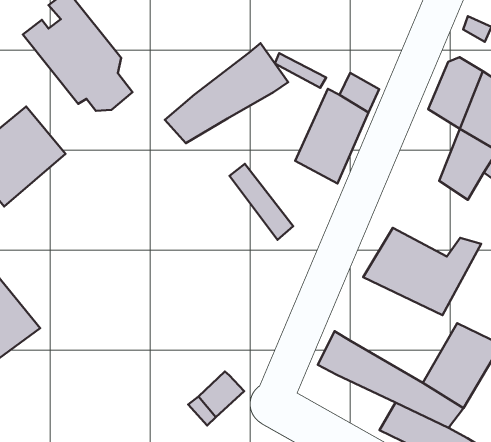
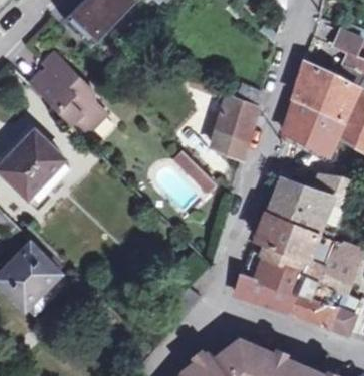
building: [165,43,288,143] -> none
building: none -> [284,101,316,146]
building: none -> [257,215,330,278]
building: none -> [235,273,297,312]

